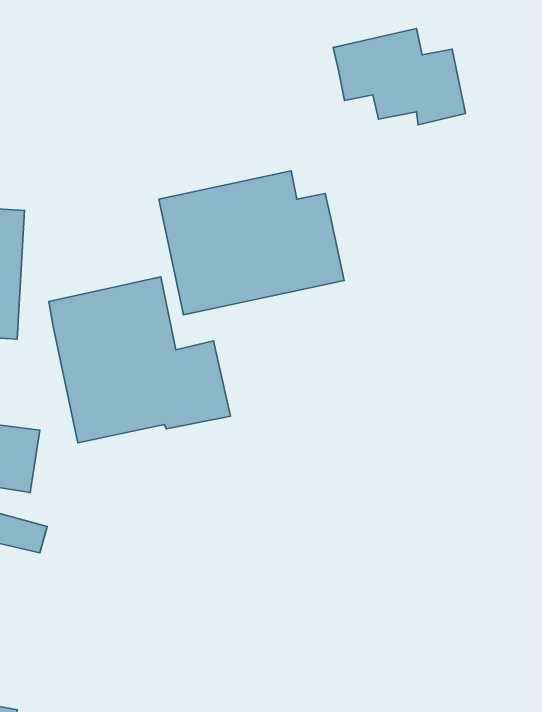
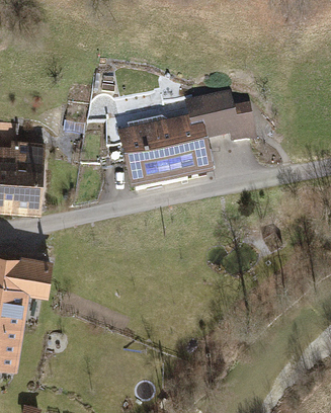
building: [333,28,466,125] -> [184,98,255,150]
building: [49,277,231,443] -> none

